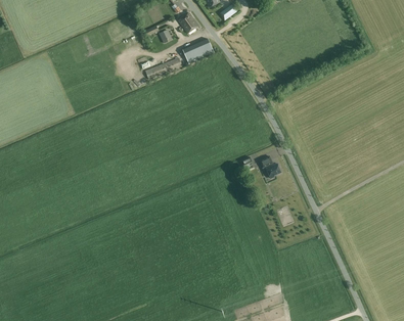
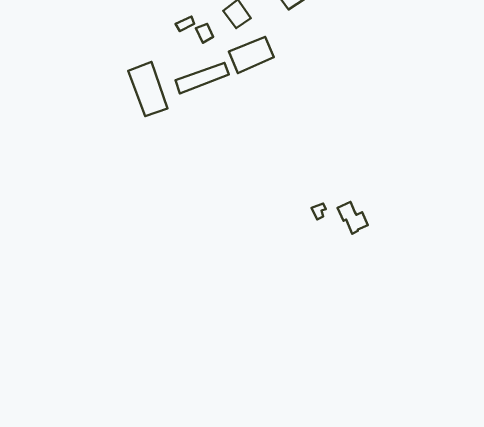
building: none -> [128,62,168,116]

